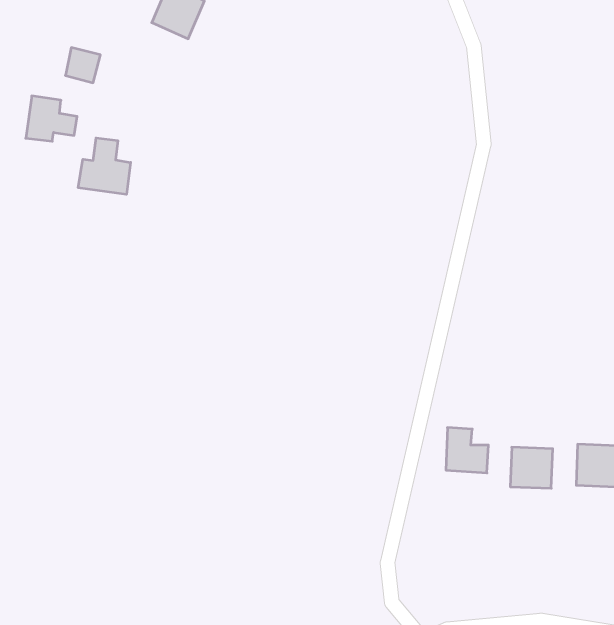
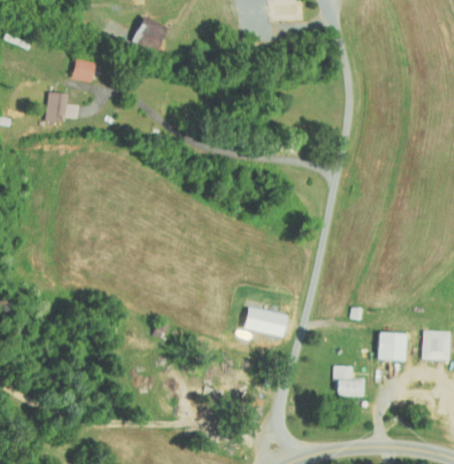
building: [78,138,131,194] -> none
building: none -> [244,307,287,336]
building: [446,428,488,473] -> [335,366,365,397]

